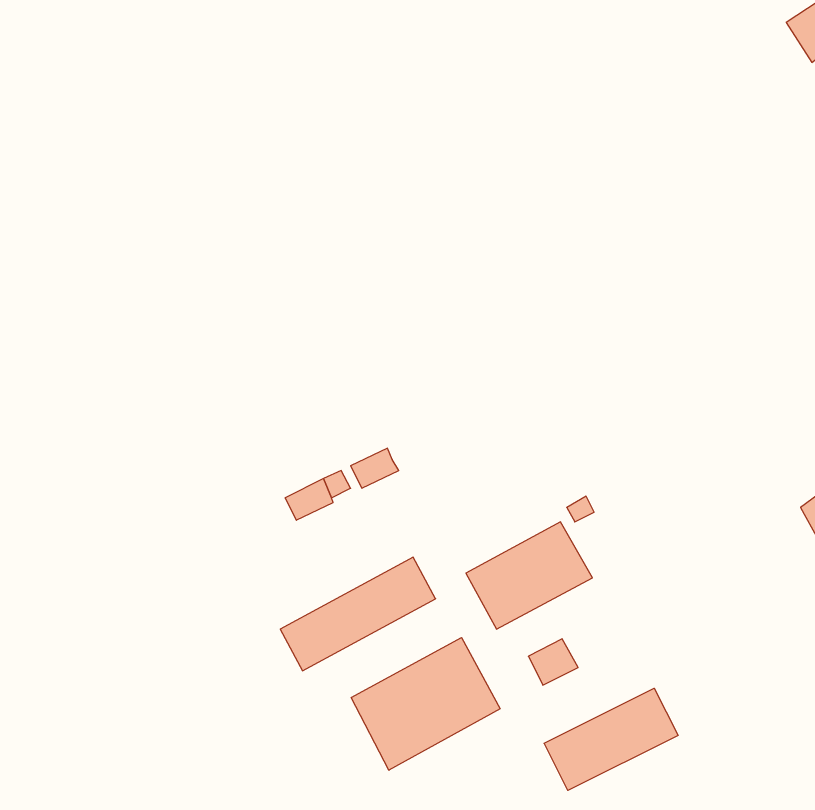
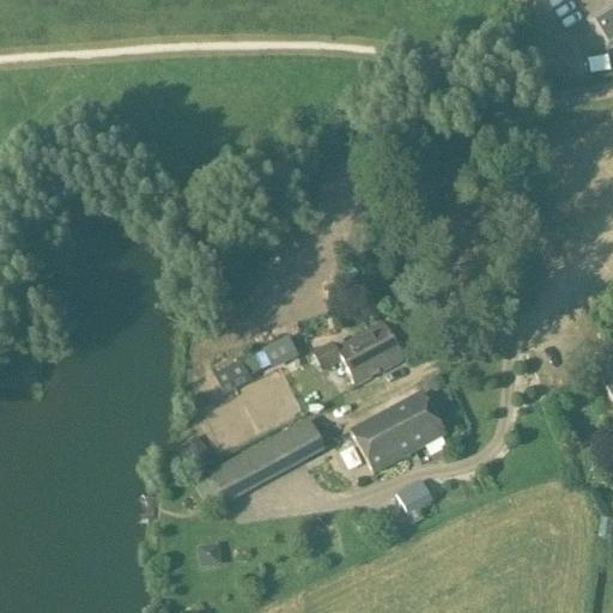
building: none -> [314,320,403,383]
building: [351,638,500,770] -> none
building: [544,688,678,790] -> none

